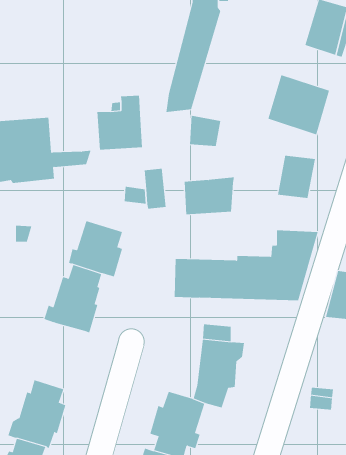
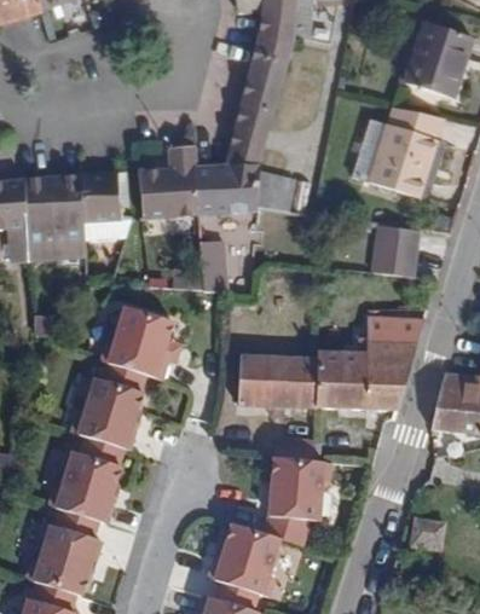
building: none -> [79,169,120,219]
building: [184,177,235,215] -> [196,164,261,213]
building: none -> [47,436,123,523]

